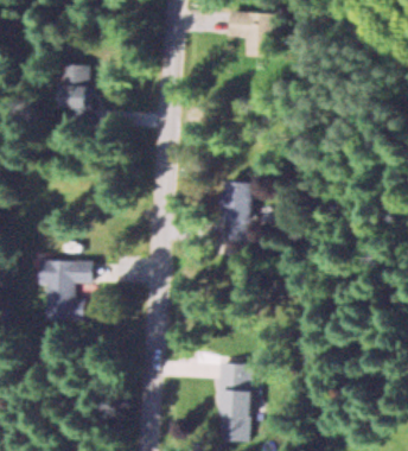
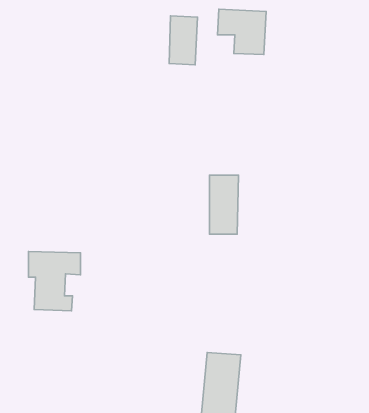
building: none -> [169,16,197,65]
building: [60,63,90,123] -> none

